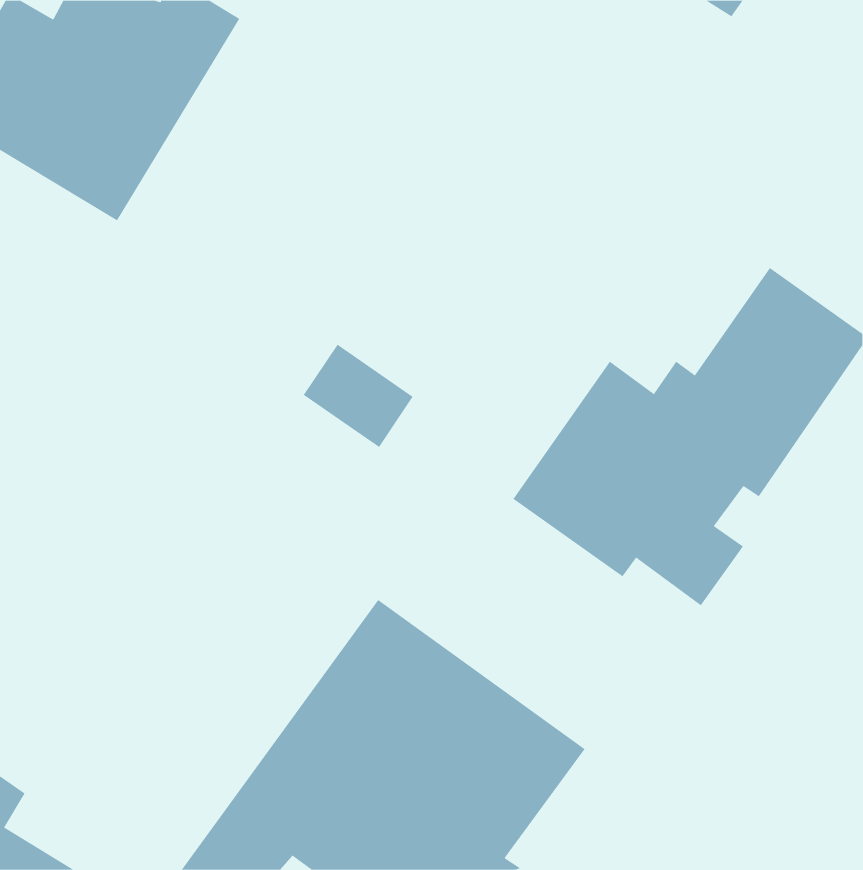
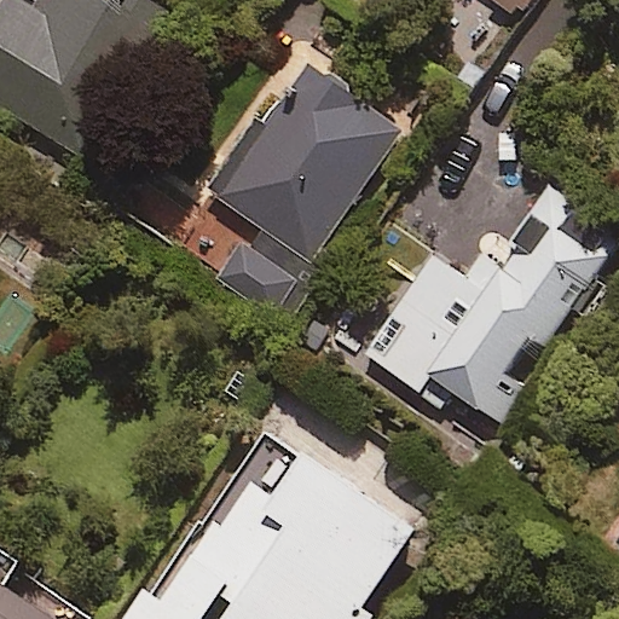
building: none -> [207,62,403,264]

